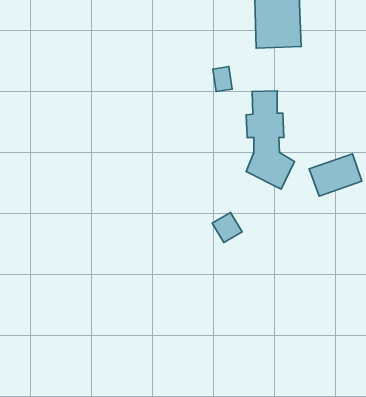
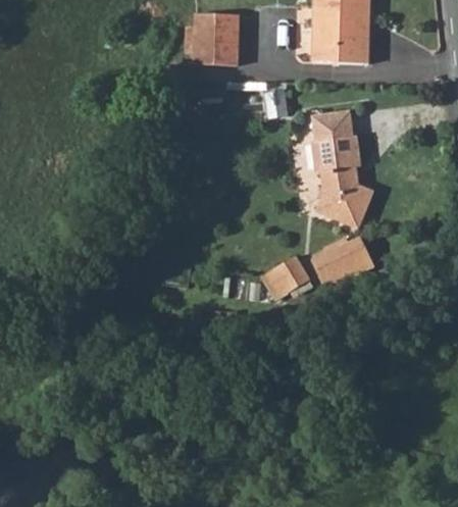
building: none -> [194,19,242,71]
building: [309,154,362,196] -> [312,230,376,282]

